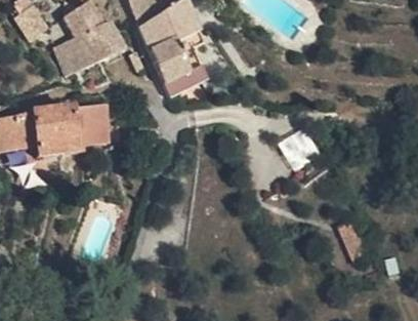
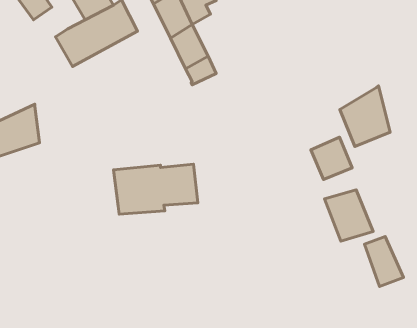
building: none -> [340,86,390,146]
building: [34,106,110,151] -> [114,164,198,214]
building: none -> [325,190,373,241]

